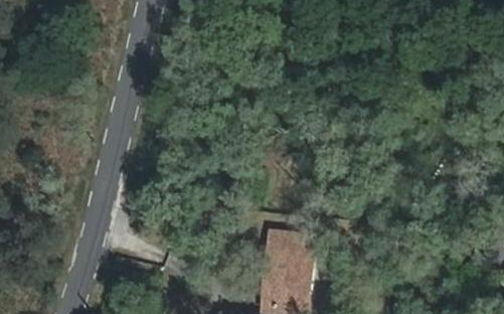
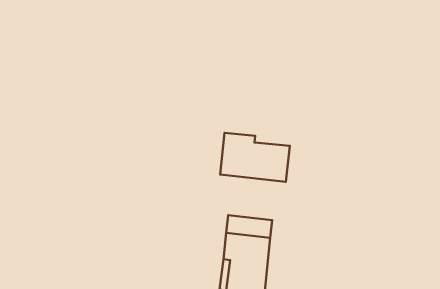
building: none -> [220,133,290,182]

